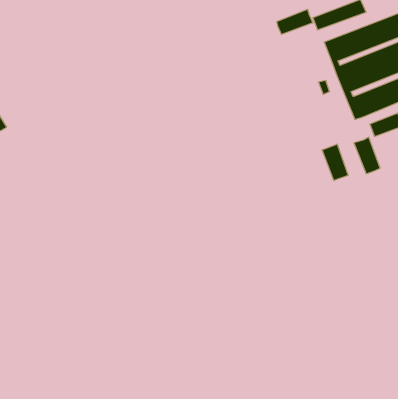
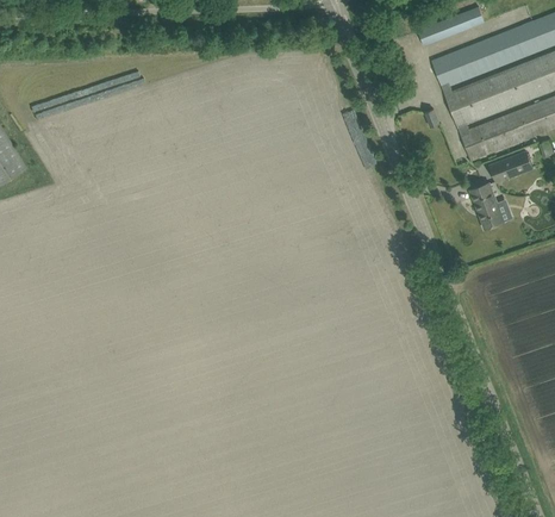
building: [277,9,313,34] -> none
building: [322,144,348,181] -> none

